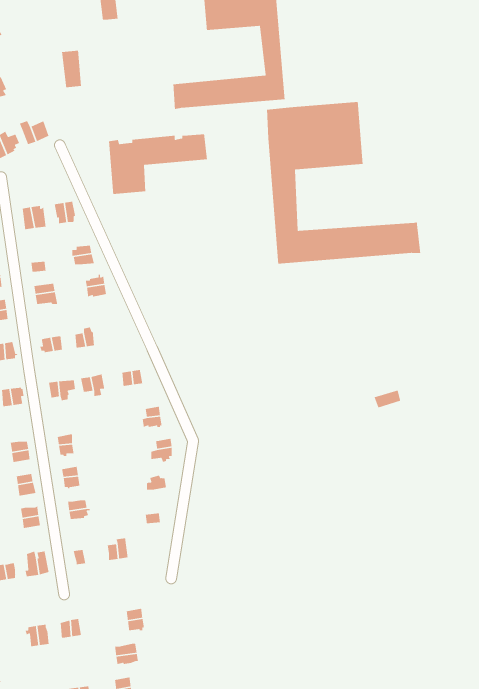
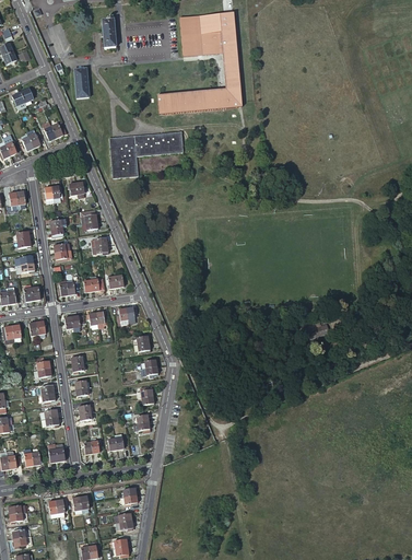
building: [266,101,421,265] -> none

